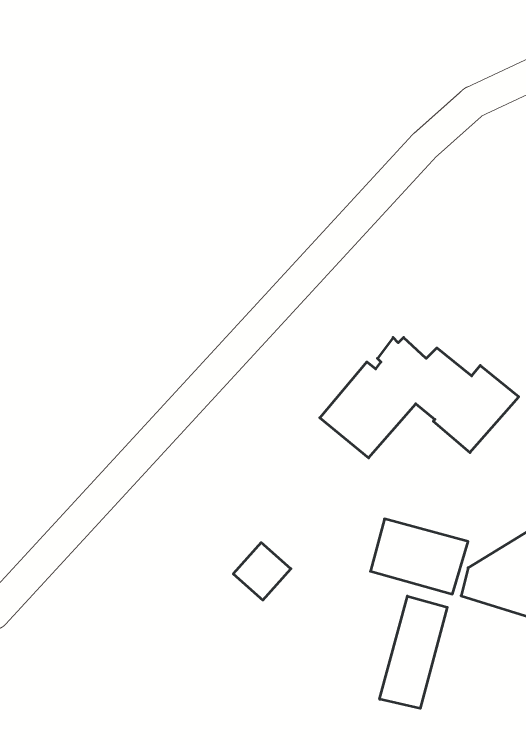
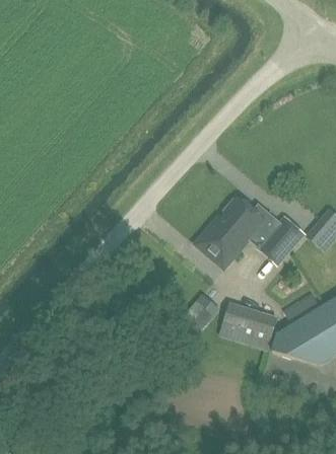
building: [233,543,291,600] -> [180,299,213,332]
building: [380,596,447,708] -> none

